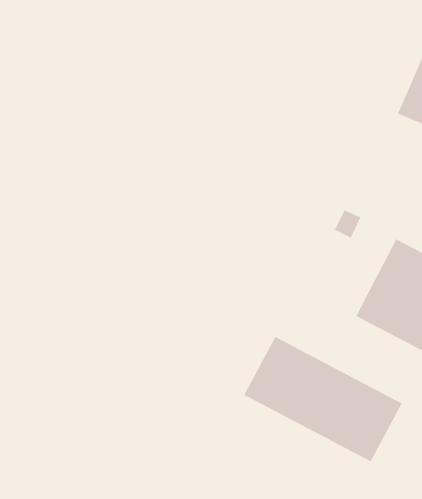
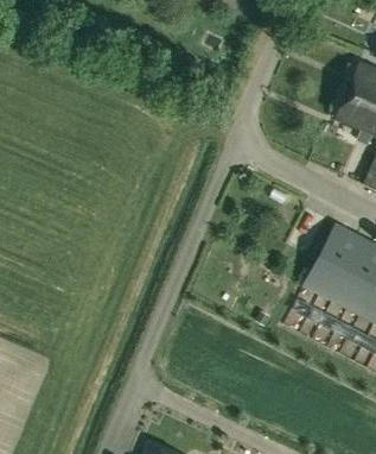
building: [244,336,402,462] -> none

